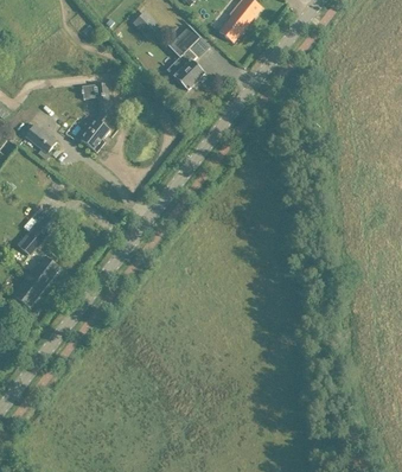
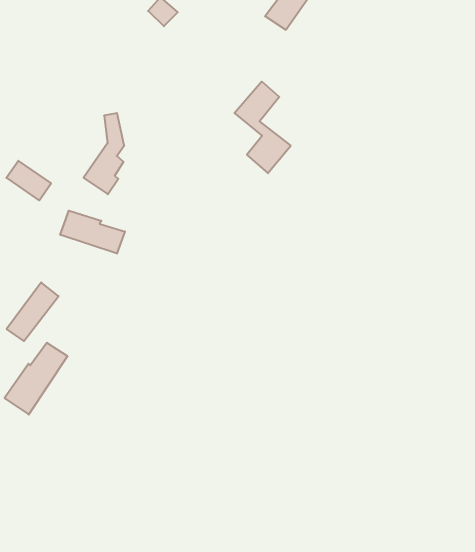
building: [165,23,204,89] -> [234,82,291,173]
building: none -> [60,211,125,254]

